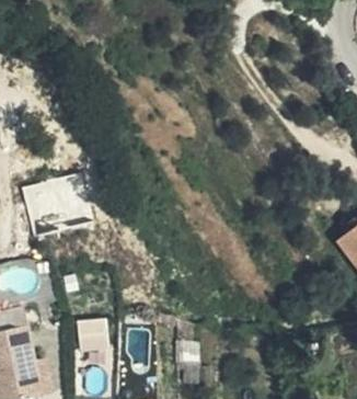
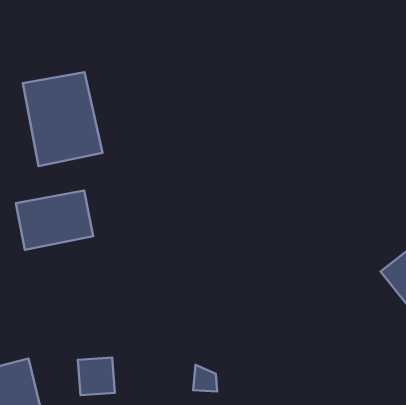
building: none -> [23,72,102,166]

